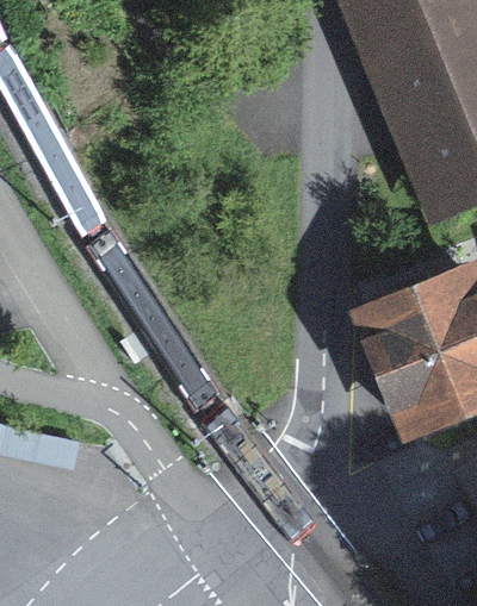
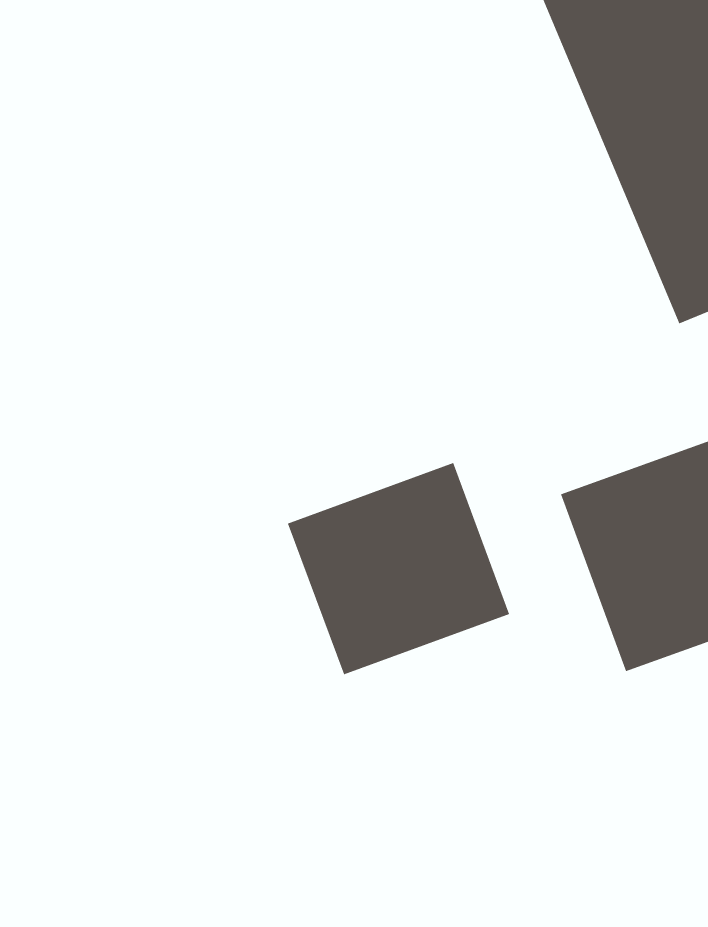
building: none -> [287,462,510,675]

